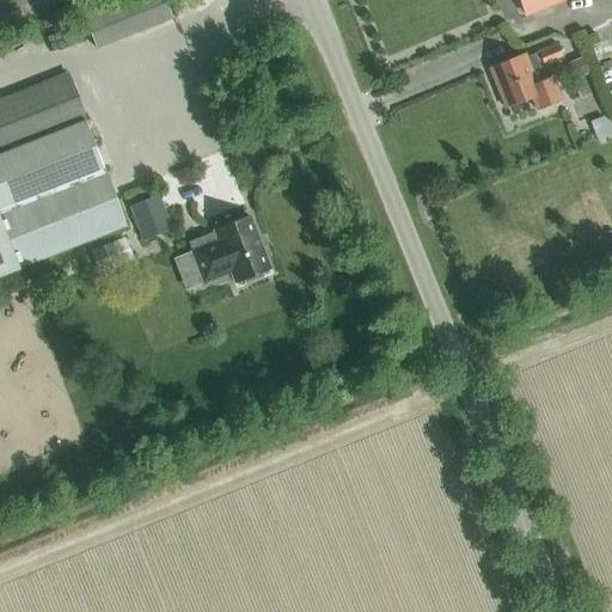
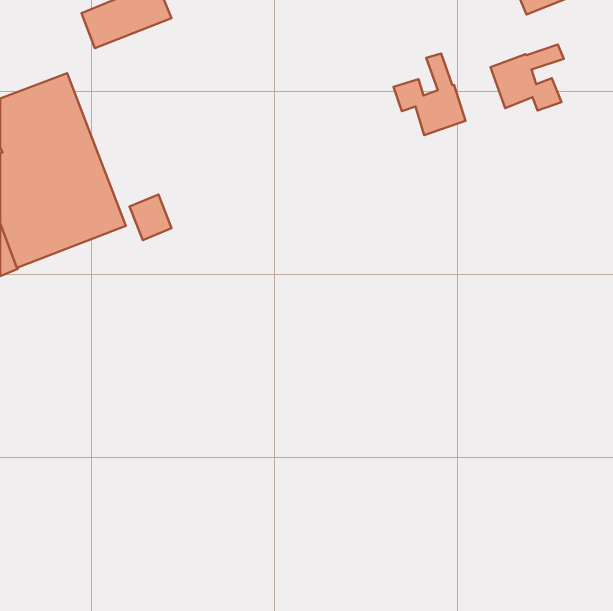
building: none -> [393,53,466,135]
building: [190,215,269,283] -> none

